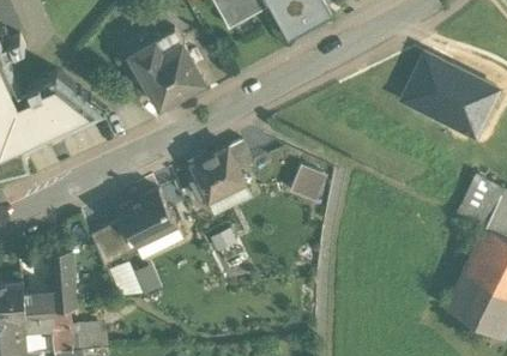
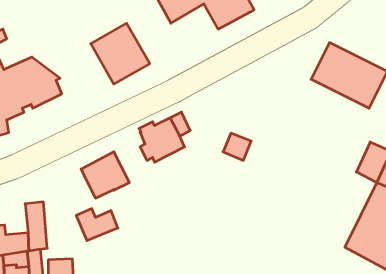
building: [91,221,135,267] -> none

